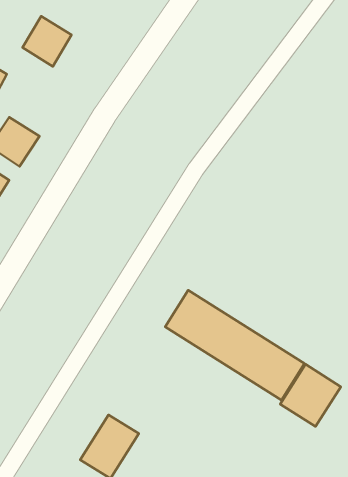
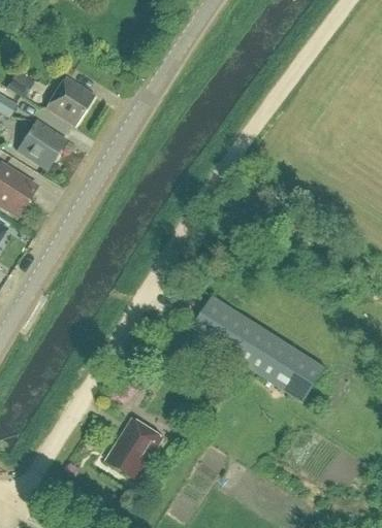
building: [22,16,72,66] -> [43,79,92,129]
building: [280,364,341,427] -> none

